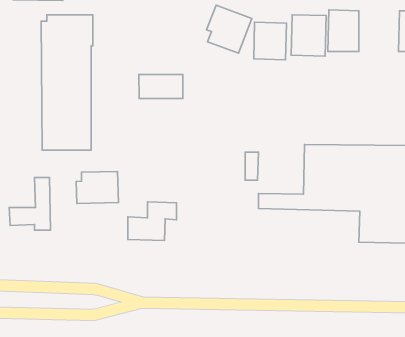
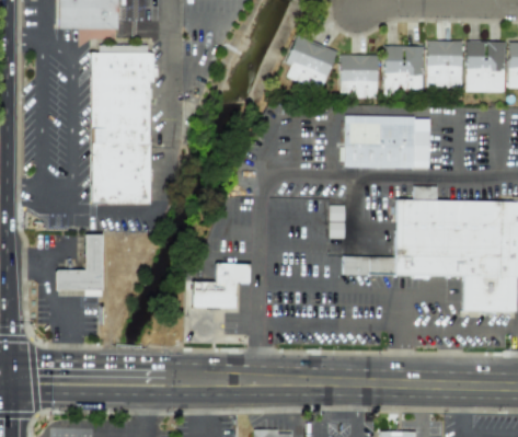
building: none -> [465,42,506,92]
building: [139,75,183,99] -> none
building: none -> [344,116,430,169]
building: [76,172,118,203] -> none

